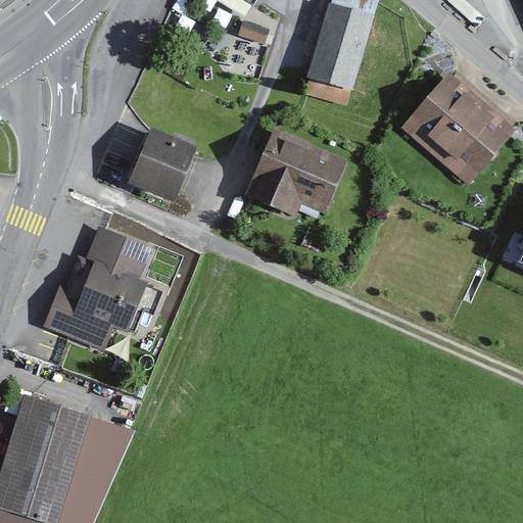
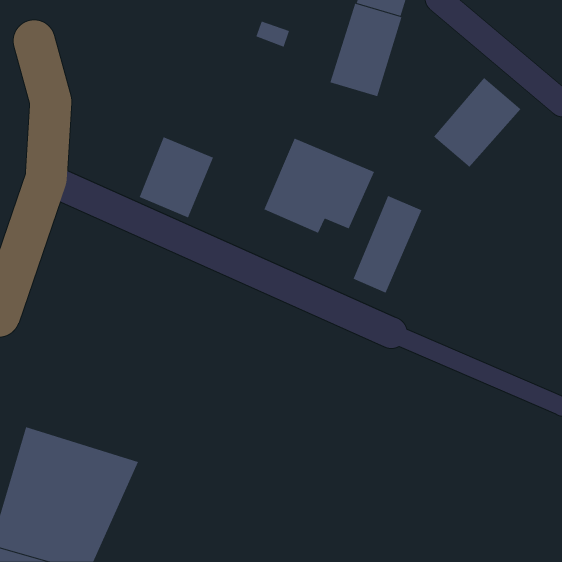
building: [435,101,516,185] -> none
building: none -> [353,195,422,293]
building: [43,226,163,349] -> none

